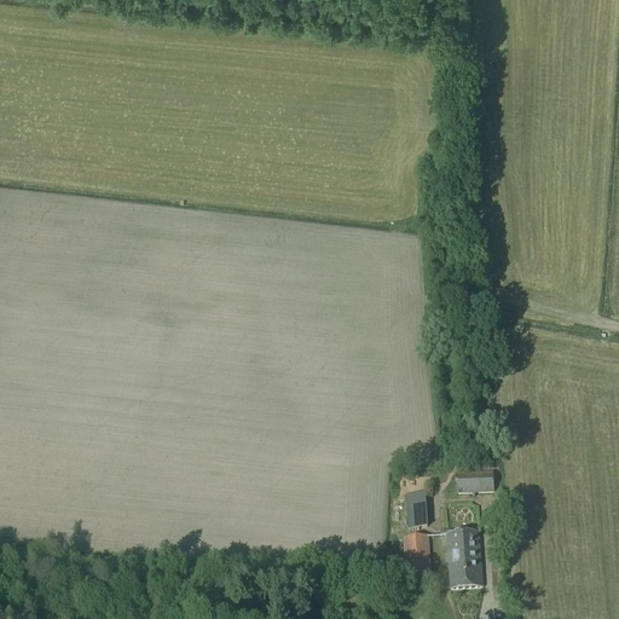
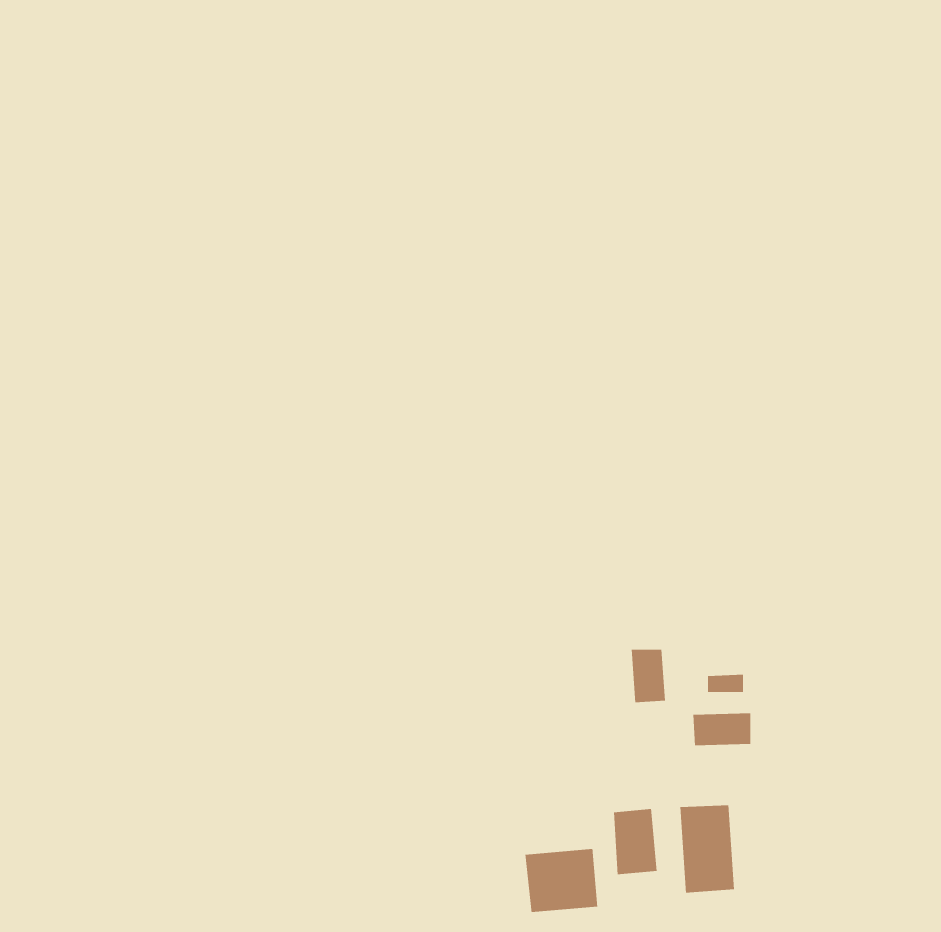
building: [405,490,428,525] -> [631,649,666,703]
building: none -> [525,848,598,913]

